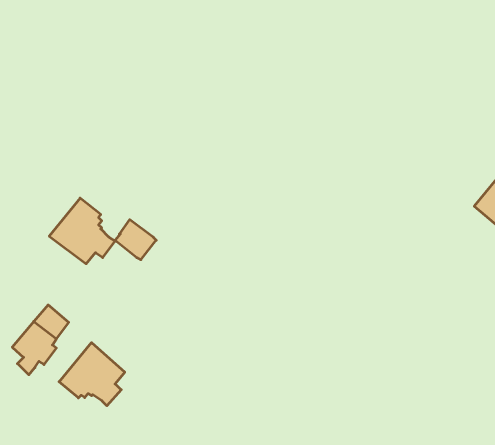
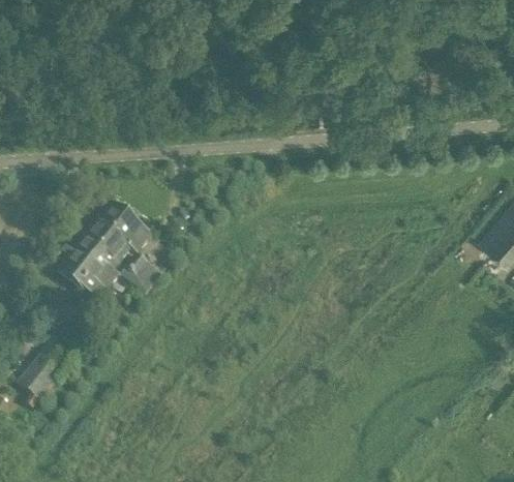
building: none -> [88,199,154,269]
building: [59,343,125,406] -> none

